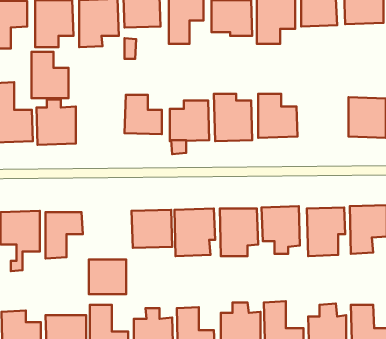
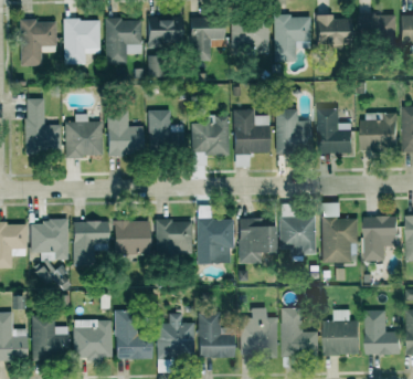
building: [31,52,69,98] -> [107,112,142,156]
building: none -> [318,108,352,154]
building: [89,259,126,294] -> [114,222,149,255]

